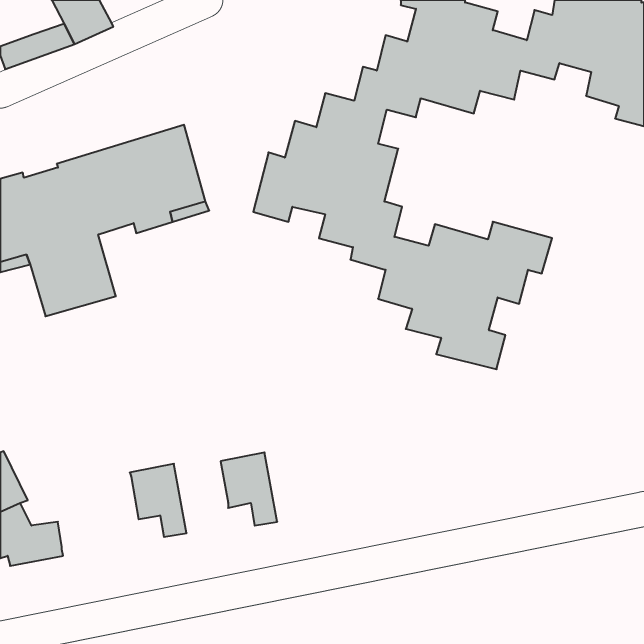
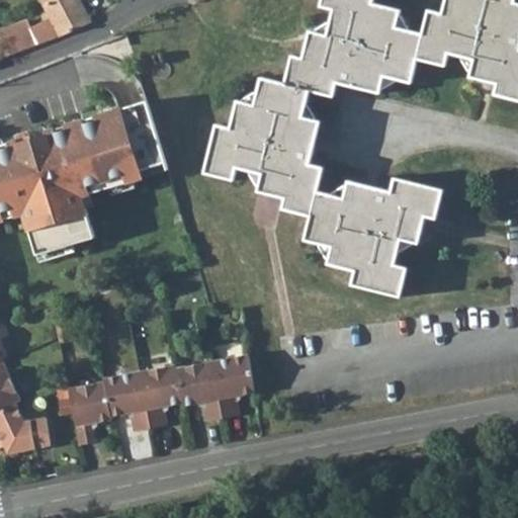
building: none -> [212,356,255,419]
building: none -> [140,366,183,428]
building: none -> [69,382,112,445]

